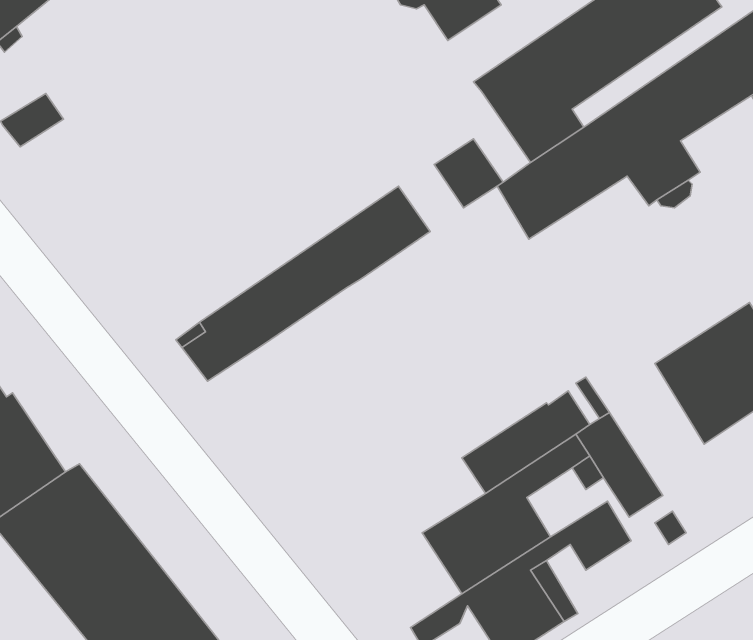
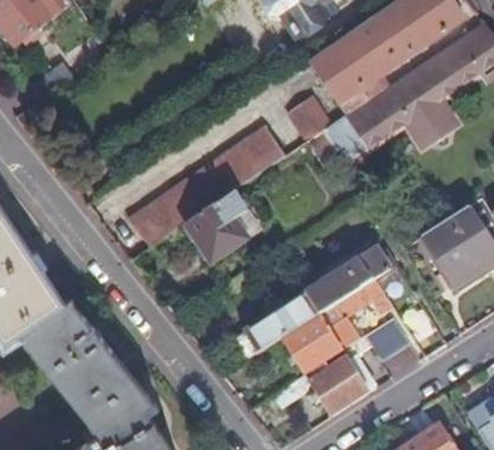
building: none -> [183,190,246,263]
building: none -> [235,293,318,359]

